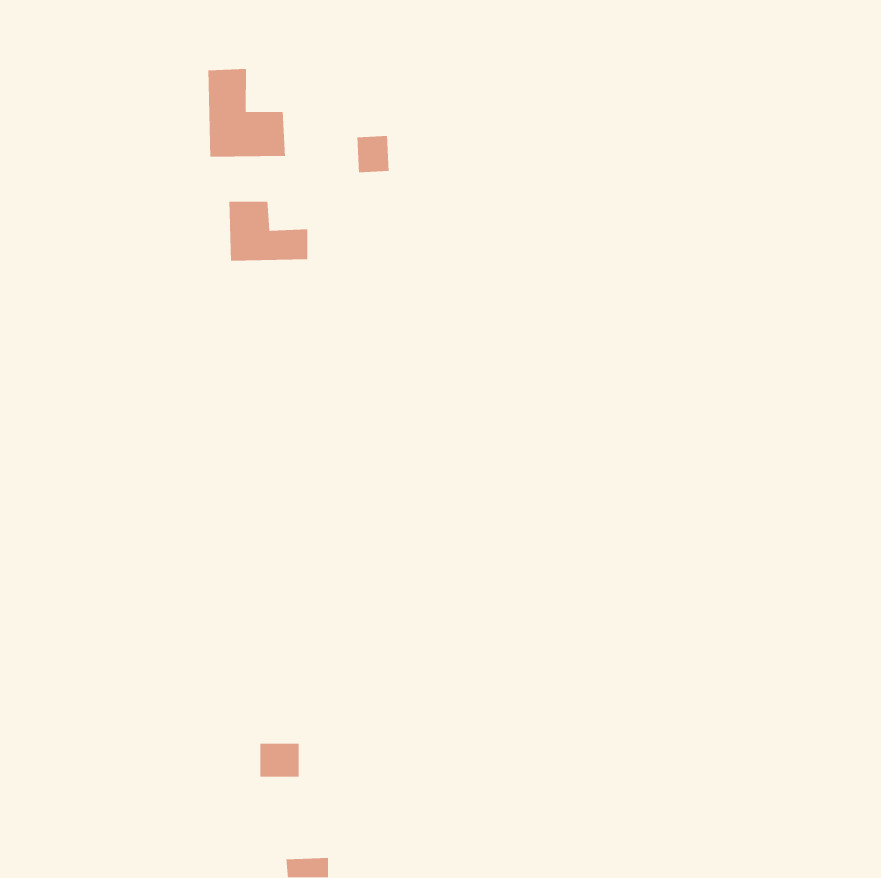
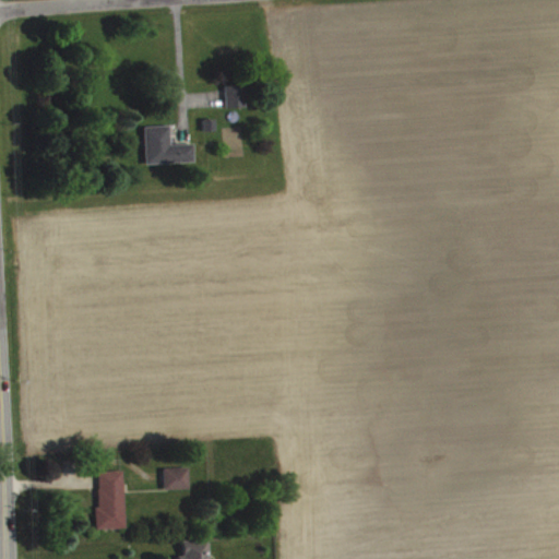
building: [208,68,286,158] -> none
building: none -> [95,472,124,530]

